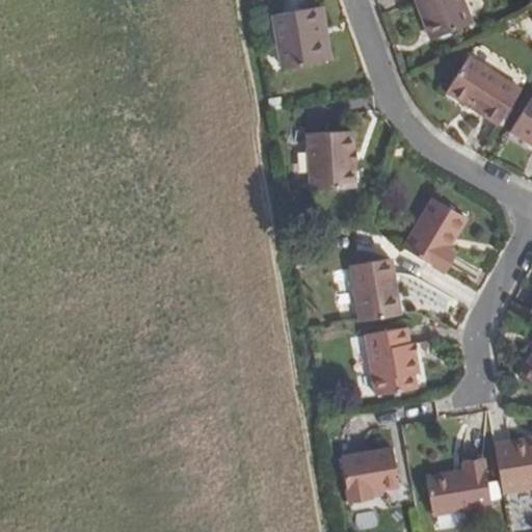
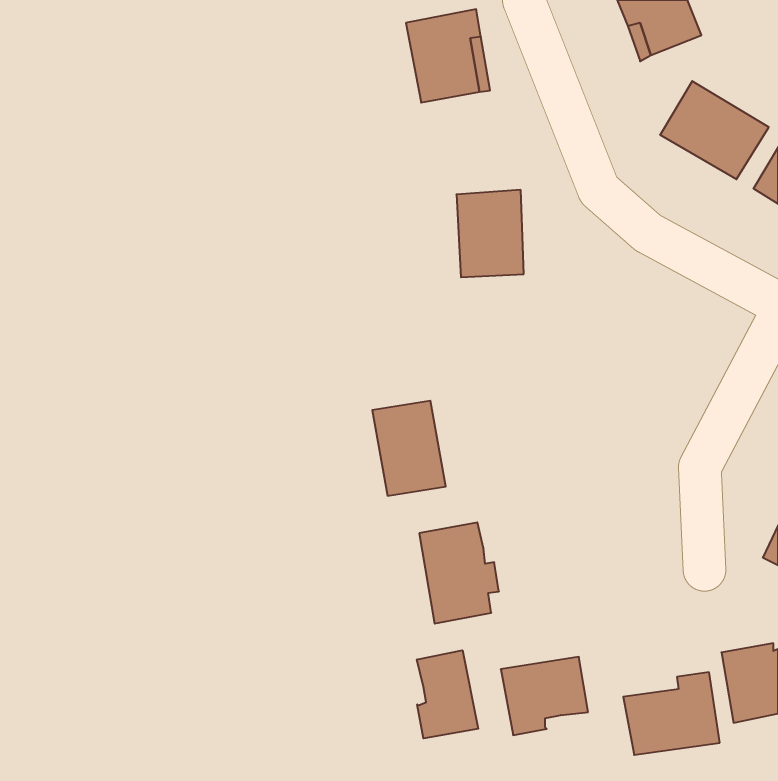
building: [400,198,461,270] -> none
building: [351,257,401,321] -> [372,401,446,496]
building: [367,326,421,395] -> [419,522,499,624]
building: none -> [417,650,478,738]

